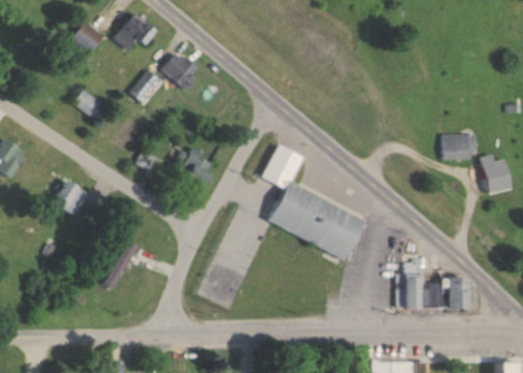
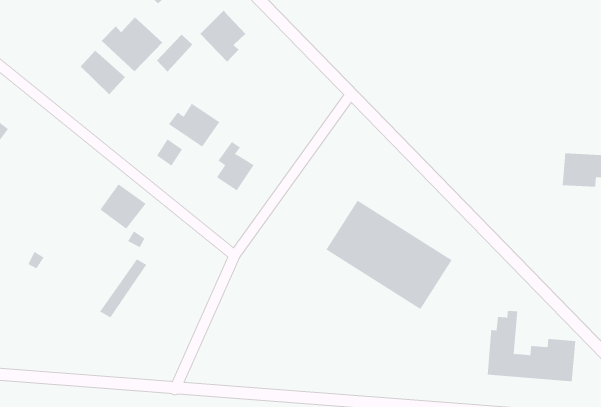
building: none -> [101,17,163,72]
building: none -> [168,103,220,147]
building: [263,146,302,190] -> none
building: [52,180,87,214] -> [99,184,147,230]

